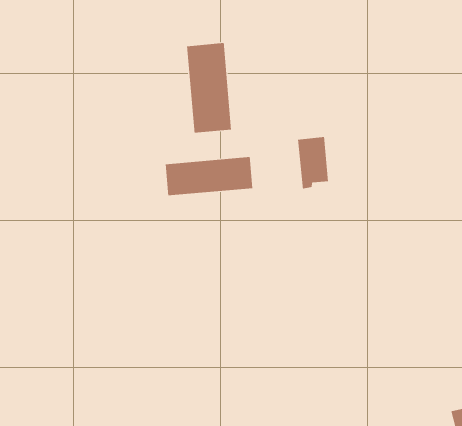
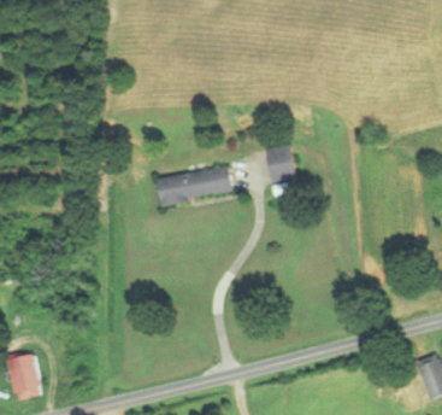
building: [186,42,232,134] -> none

